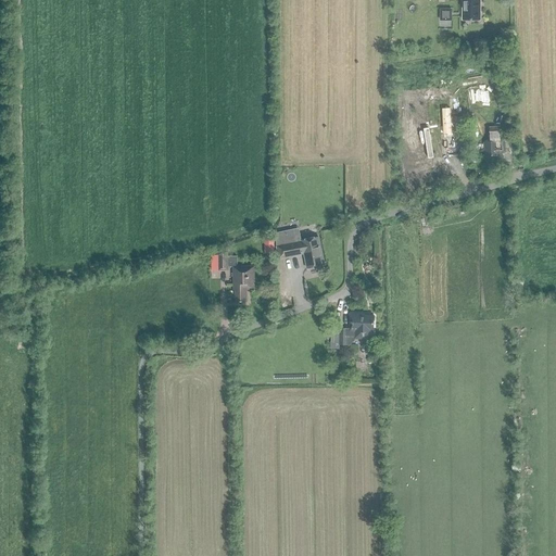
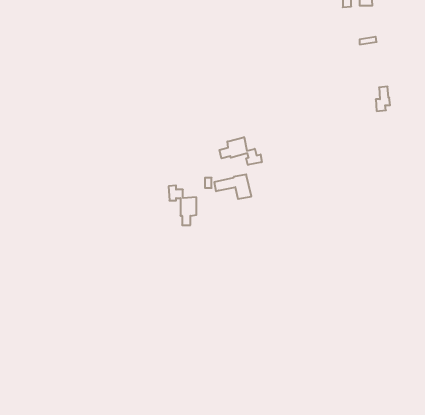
building: none -> [219,137,262,165]
building: [339,314,374,344] -> none

